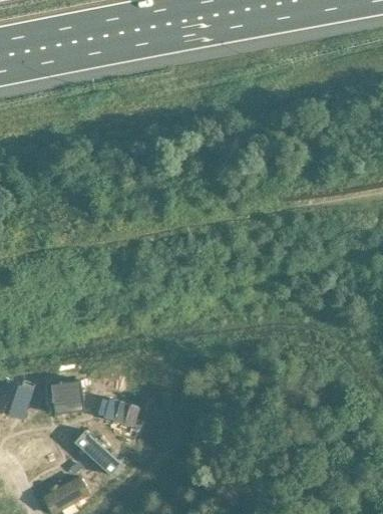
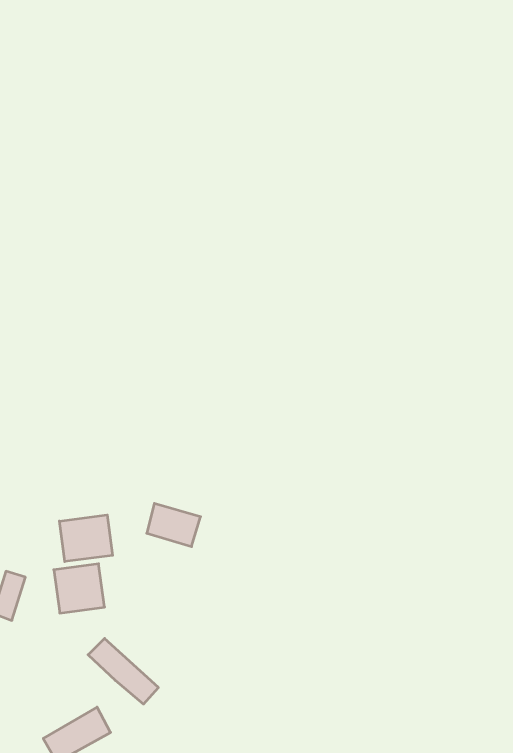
building: none -> [59,515,113,562]
building: [103,398,139,427] -> [147,503,201,547]

